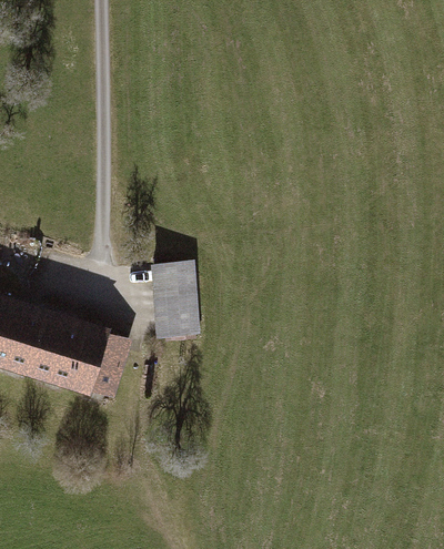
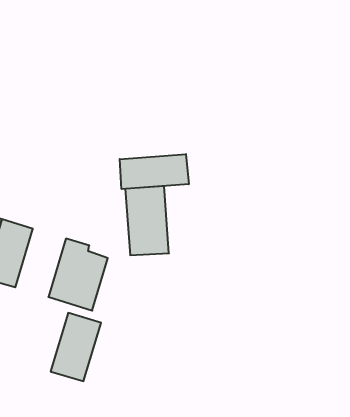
building: none -> [120,154,189,189]
building: [26,308,83,386] -> [51,313,101,381]

